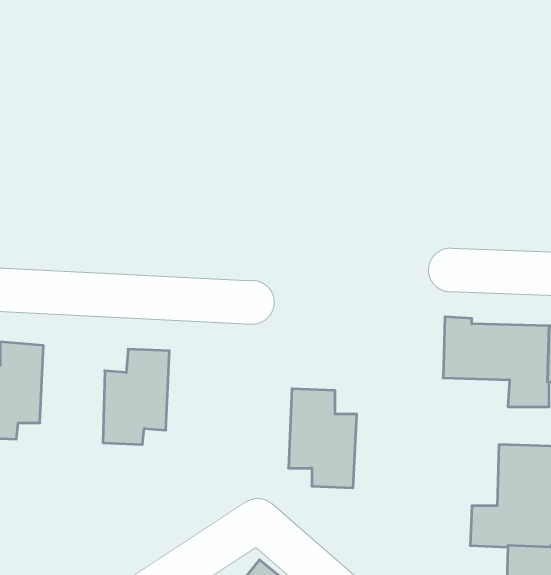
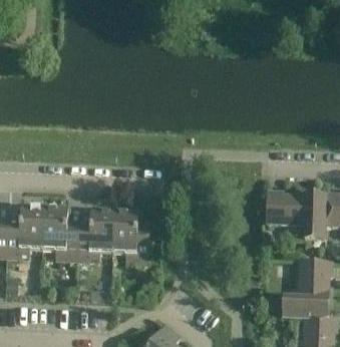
building: none -> [42,206,78,260]
building: [288,389,357,488] -> [112,209,150,264]

